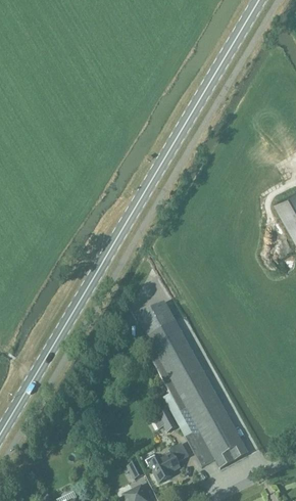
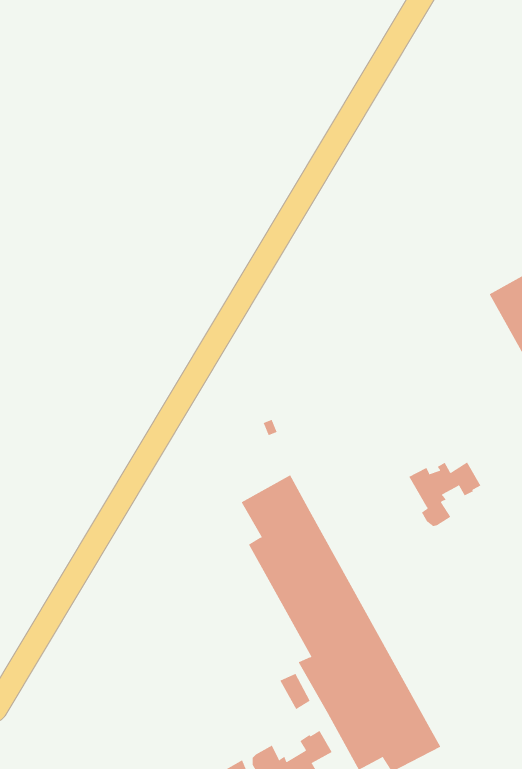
building: none -> [408,462,481,527]

